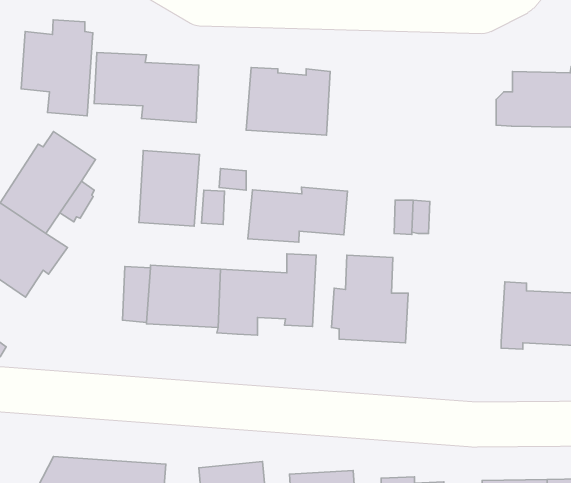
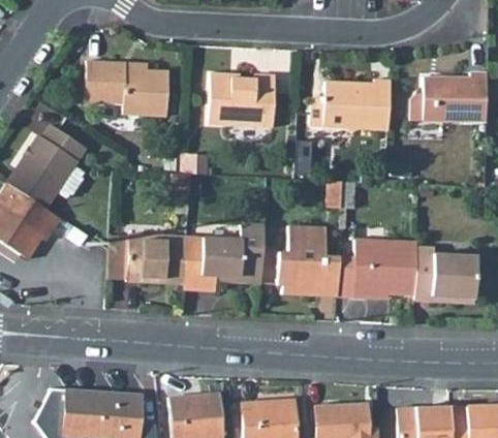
building: [21,20,93,116] -> none
building: none -> [311,80,392,130]
building: [139,151,200,226] -> none
building: [248,187,348,242] -> none
building: none -> [352,239,417,298]

